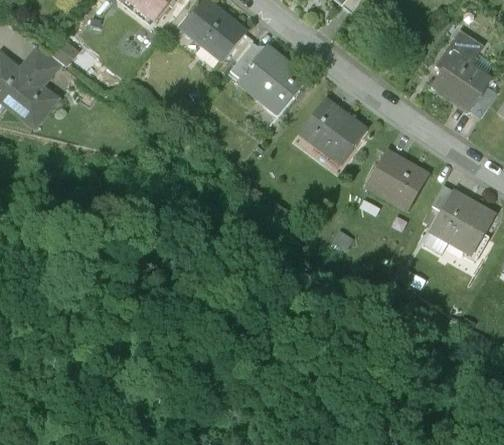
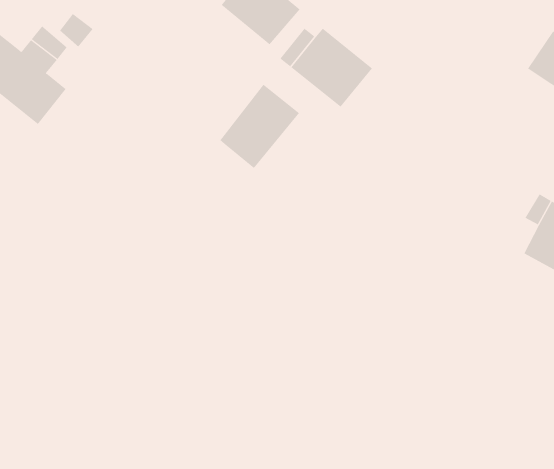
building: none -> [219,84,300,169]
building: [299,98,366,165] -> none
building: [366,152,428,210] -> none

